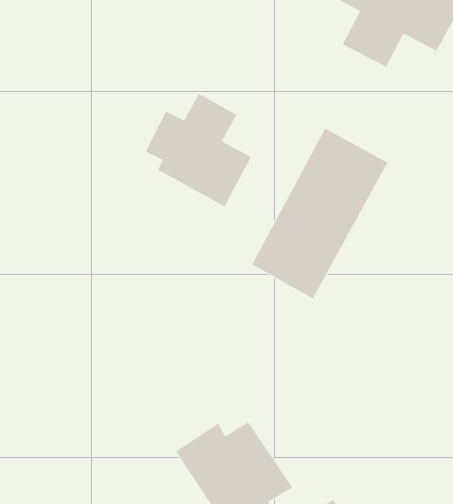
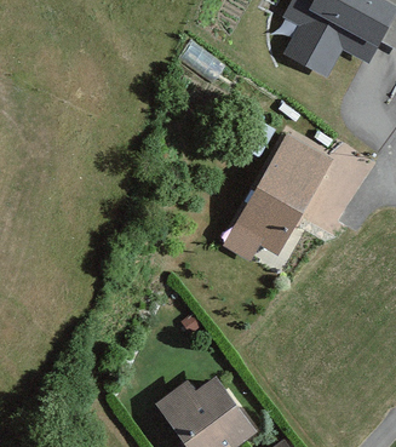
building: [145,93,251,207] -> none

